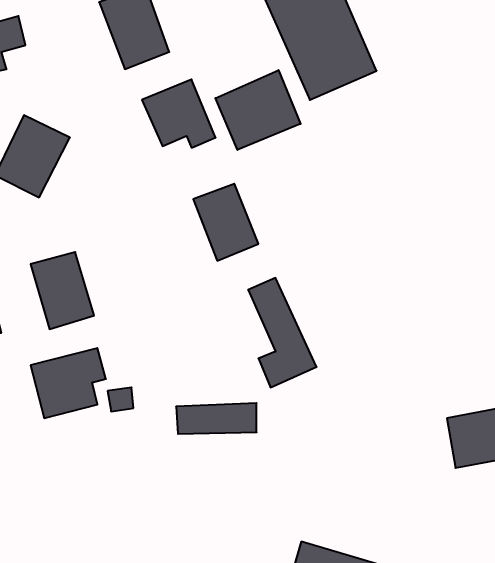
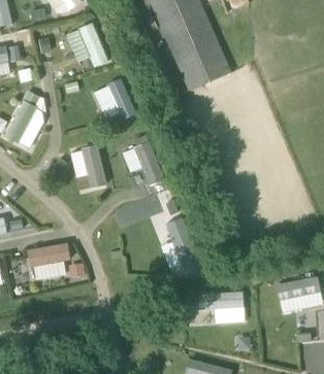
building: [215,70,301,150] -> none
building: [31,252,94,329] -> [67,144,105,191]
building: [176,403,257,434] -> [195,292,244,310]

